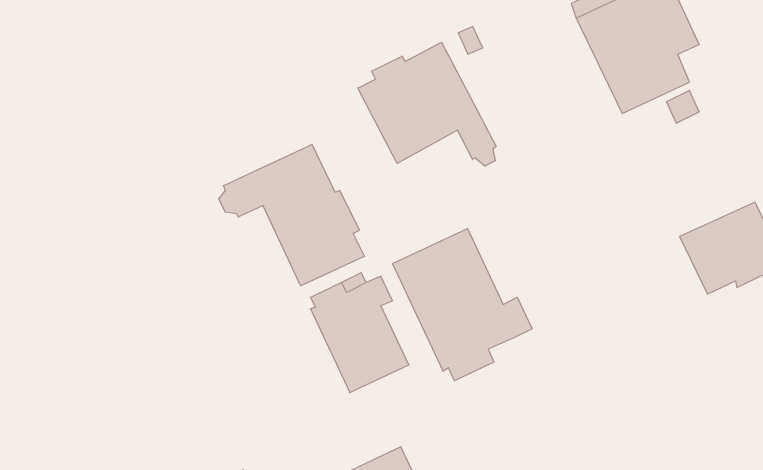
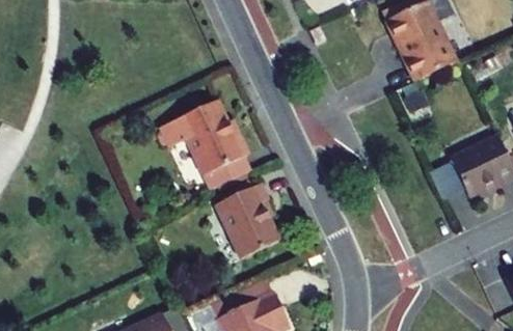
building: [358,42,496,166] -> none
building: [392,228,532,381] -> none

